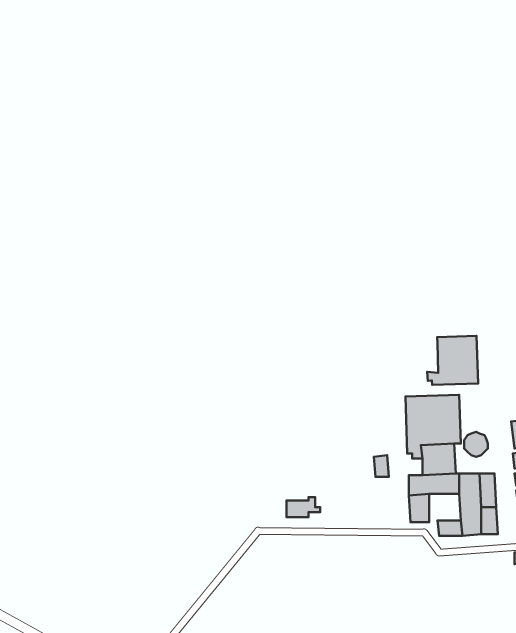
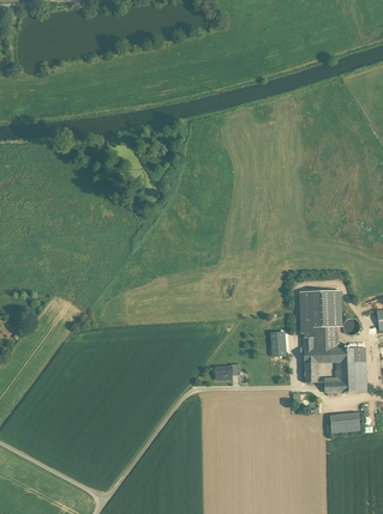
building: [427,336,478,385] -> none
building: none -> [329,412,359,433]

